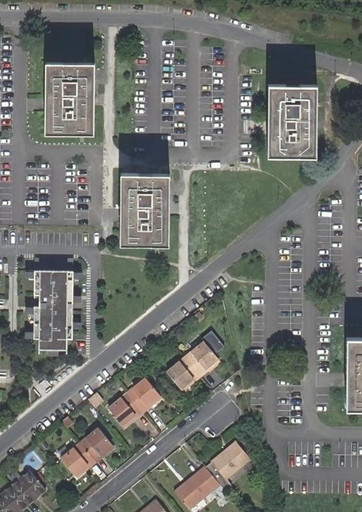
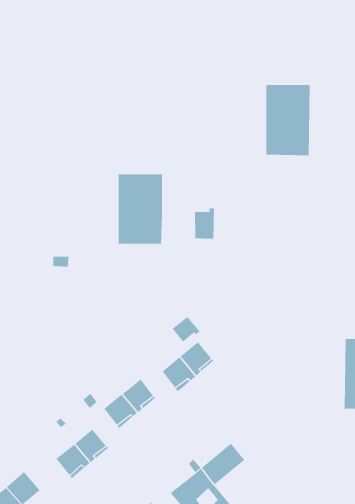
building: [47,63,92,134] -> none
building: none -> [195,208,214,239]
building: [33,270,72,349] -> none
building: none -> [172,316,201,342]

